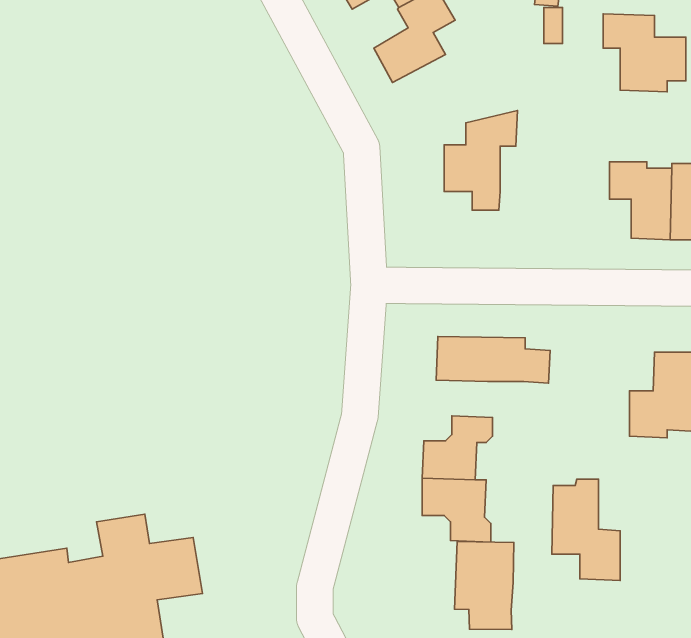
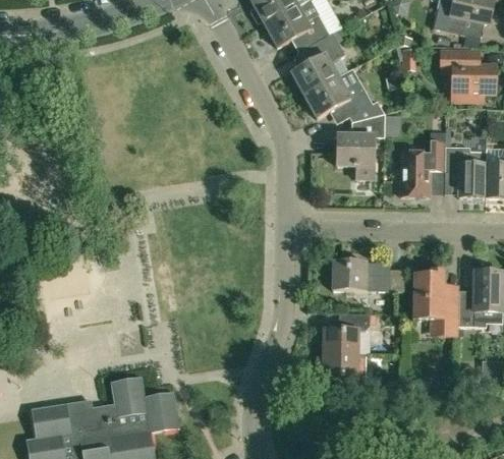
building: none -> [303,76,385,121]
building: none -> [400,141,445,196]
building: [552,479,620,581] -> [413,270,458,336]
building: [455,541,514,629] -> none

